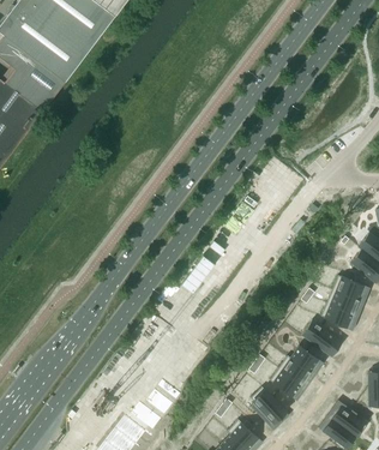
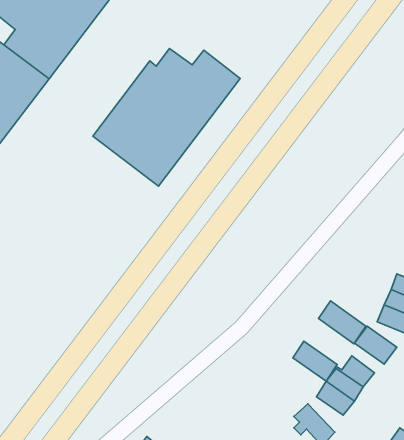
building: none -> [93,48,240,186]
building: none -> [318,301,366,344]
building: none -> [293,341,337,381]

